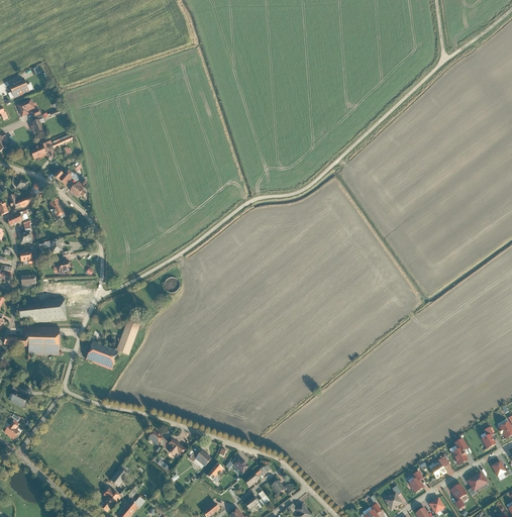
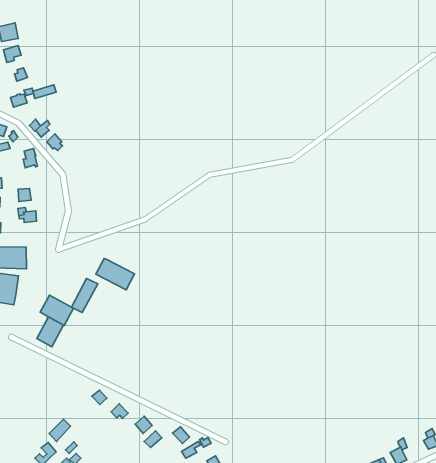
building: none -> [96,258,135,290]
building: none -> [37,317,63,347]

